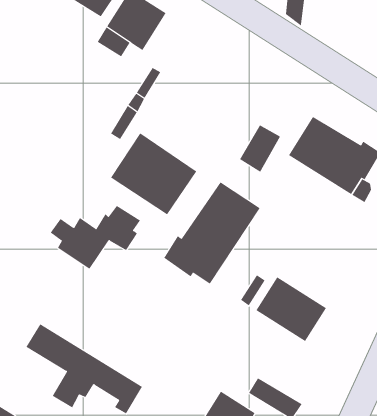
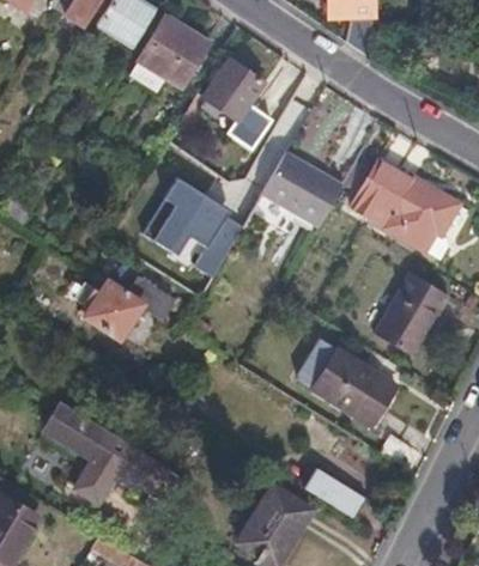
building: none -> [202,56,272,147]
building: none -> [262,153,317,211]
building: [163,182,260,285] -> none
building: none -> [375,273,448,354]

